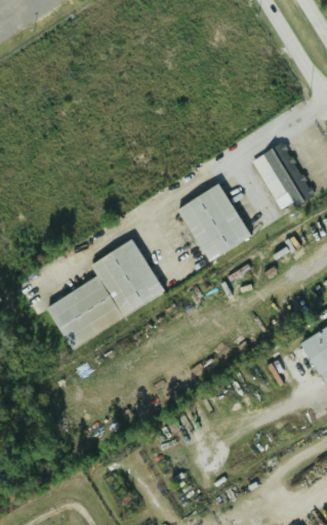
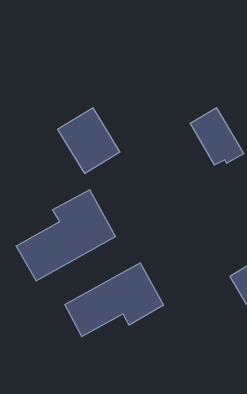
building: [176,183,250,260] -> [58,108,120,173]
building: none -> [65,263,164,337]

